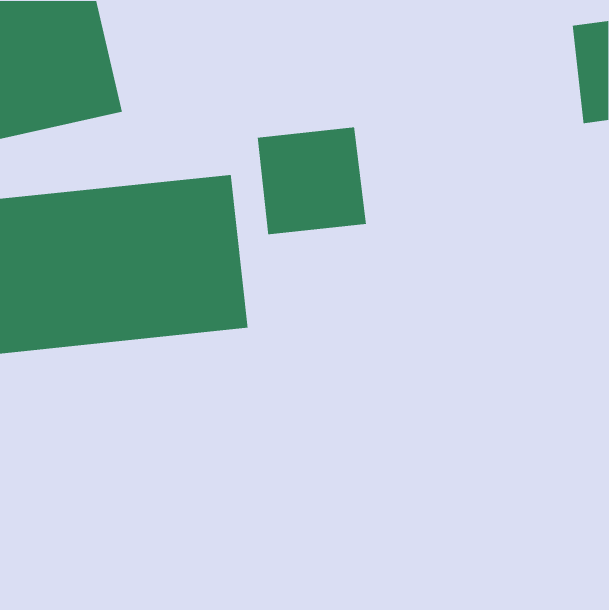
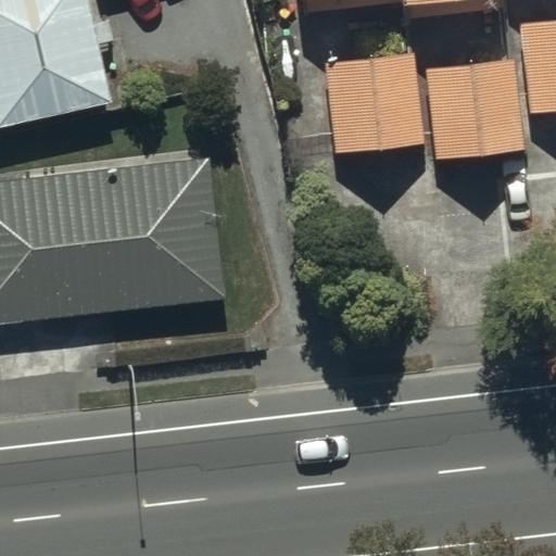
building: none -> [426,60,523,160]
building: [257,126,367,235] -> [325,54,425,153]

